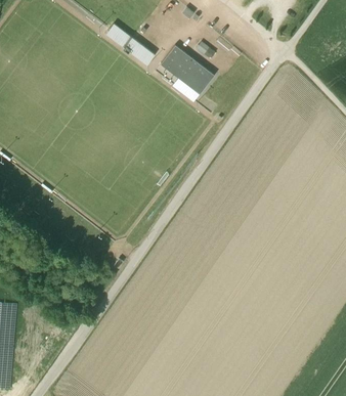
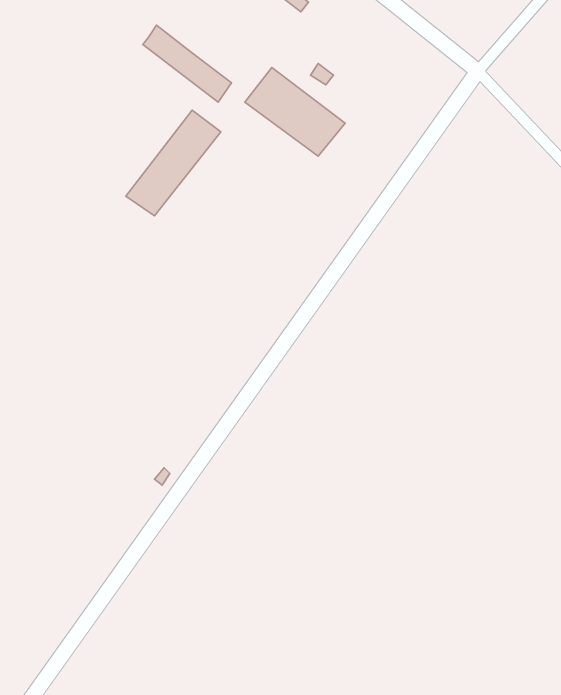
building: none -> [126,110,221,216]

